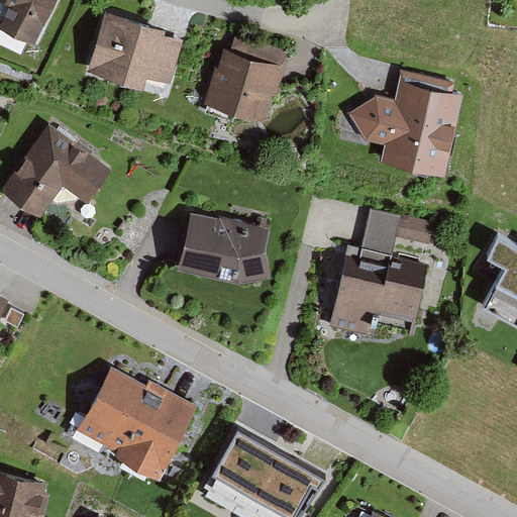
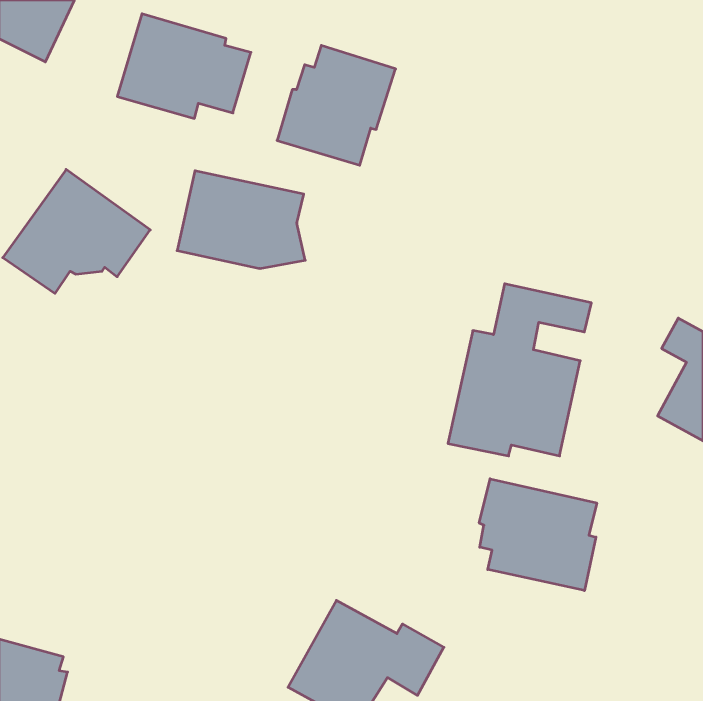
building: [346,71,463,178] -> none
building: [177,213,271,285] -> [177,171,305,268]
building: none -> [479,479,597,591]
building: [76,368,197,481] -> none

